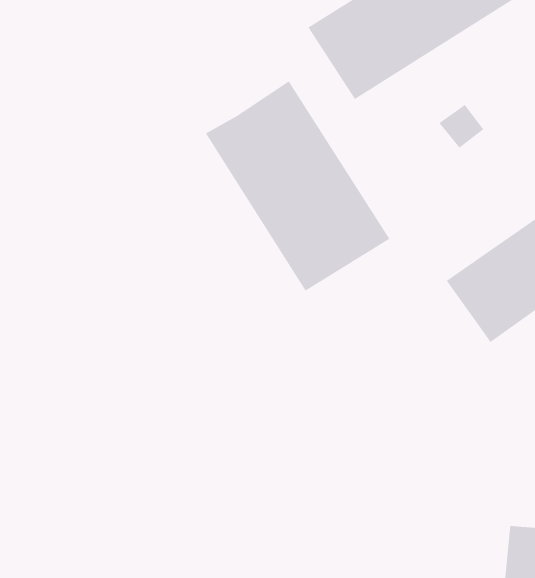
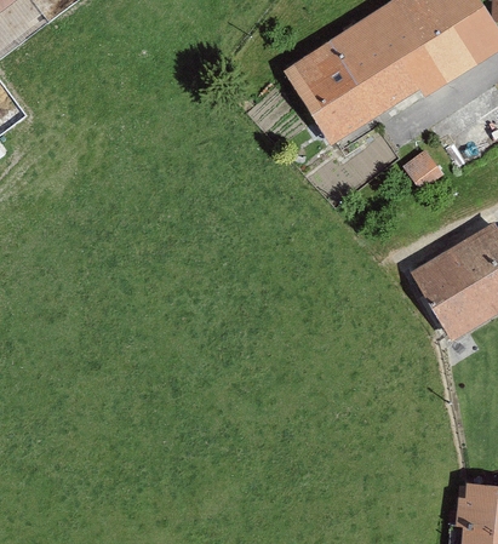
building: [205,80,390,292] -> none

